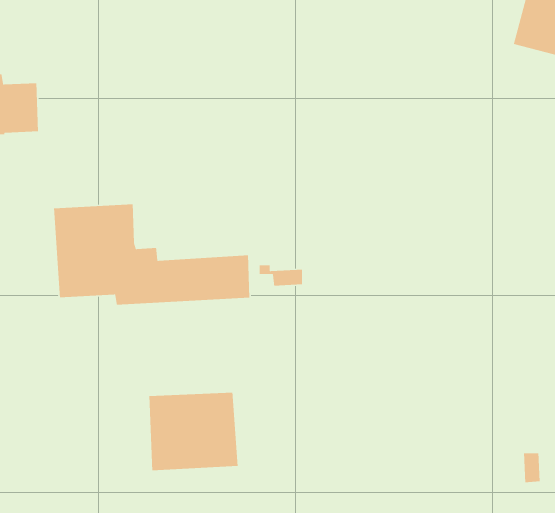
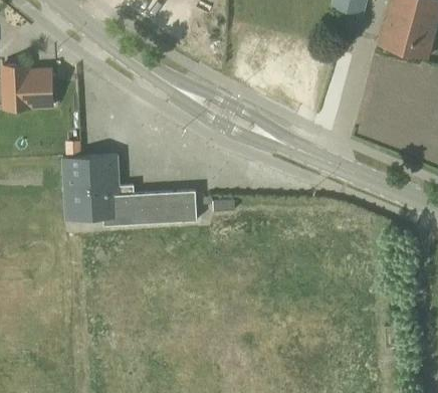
building: [148,392,238,471] -> none

